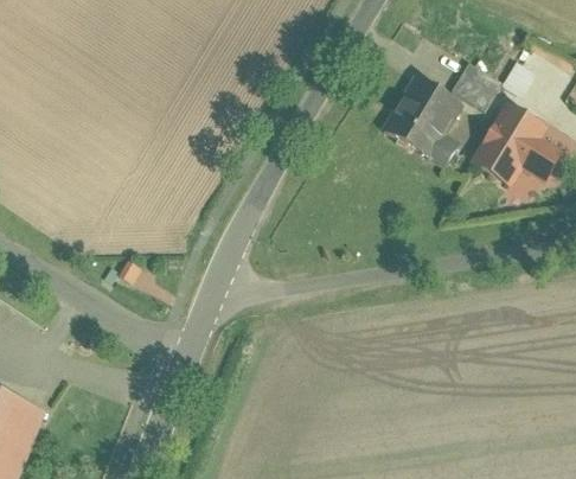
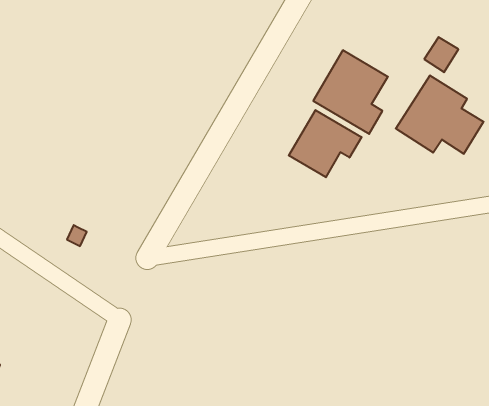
building: [454,62,501,108] -> none
building: none -> [289,110,362,177]

